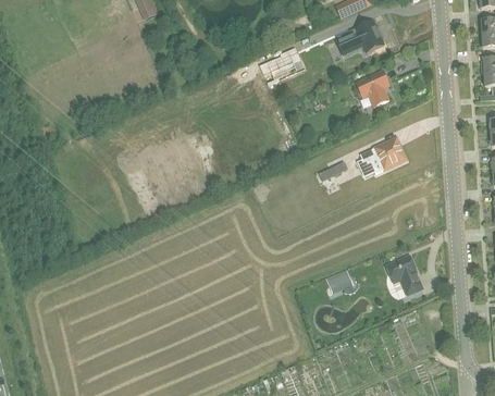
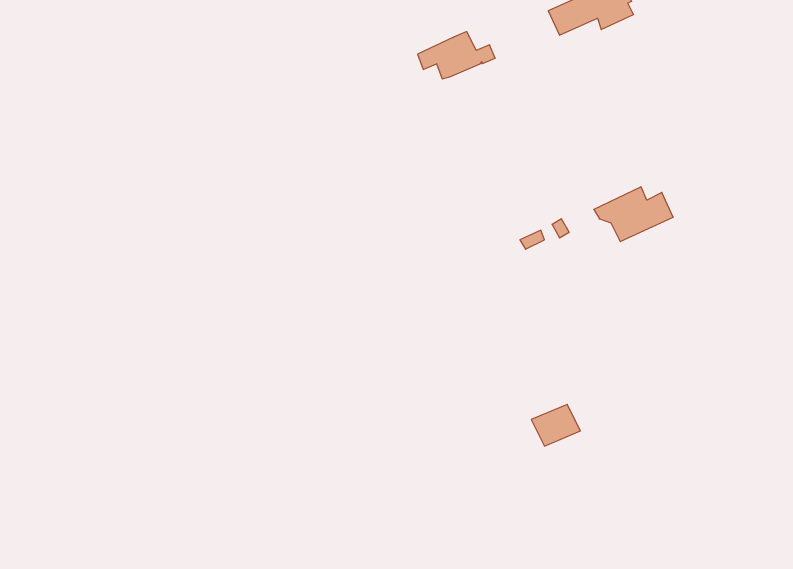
building: [356,69,389,103] -> none
building: [386,253,422,292] -> none

